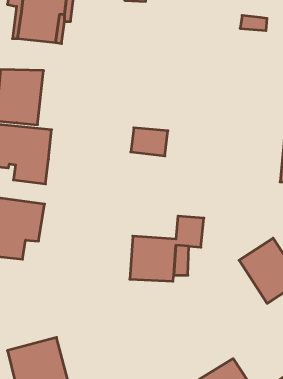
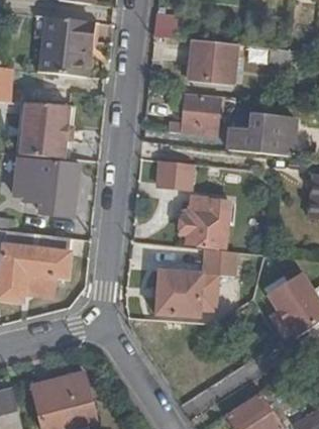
building: none -> [190,40,235,84]
building: none -> [175,96,219,132]
building: none -> [228,114,304,156]
building: none -> [181,200,229,246]

